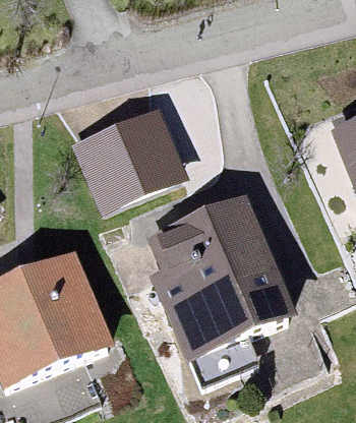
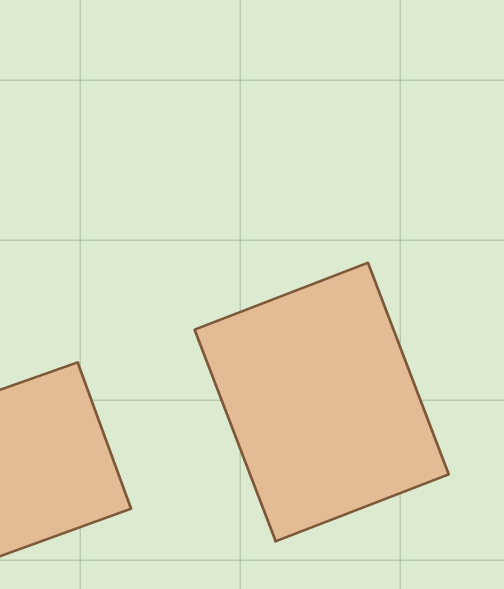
building: [82,114,188,210] -> none

